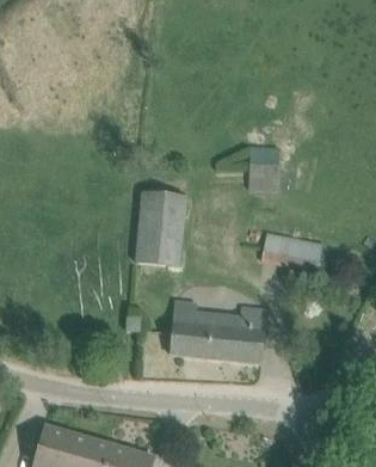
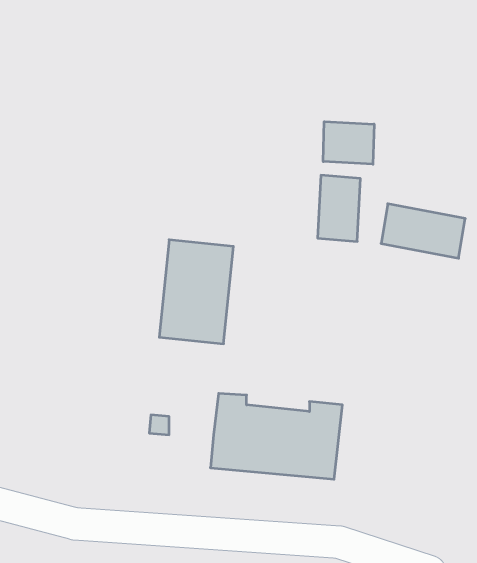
building: none -> [323,122,374,164]
building: [263,231,323,270] -> [381,204,465,258]

